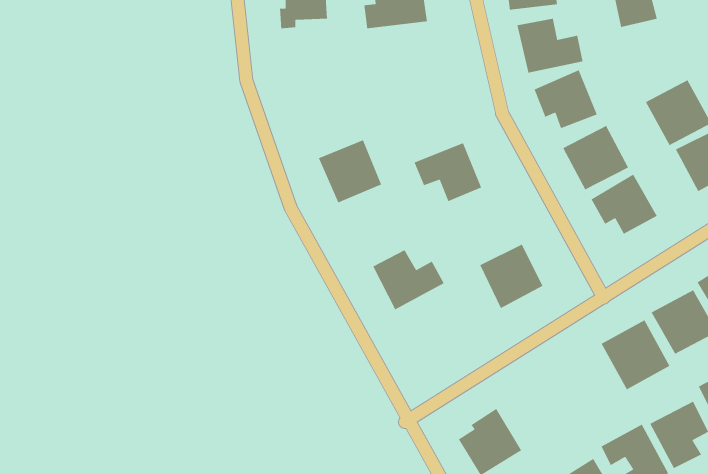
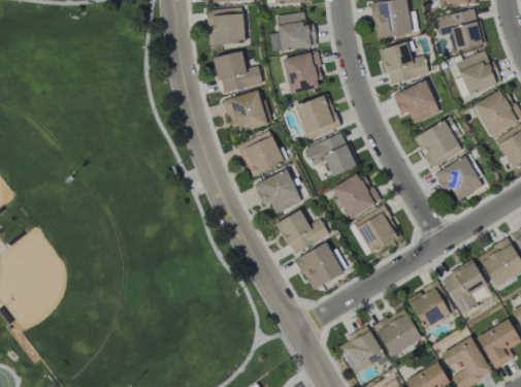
building: none -> [216,52,262,92]
building: none -> [283,52,324,95]
building: none -> [456,52,502,95]
building: none -> [225,91,268,134]
building: none -> [295,95,339,139]
building: none -> [254,169,302,214]
building: none -> [332,171,380,220]
building: none -> [296,244,343,290]
building: none -> [409,282,452,329]
building: none -> [373,309,422,357]

